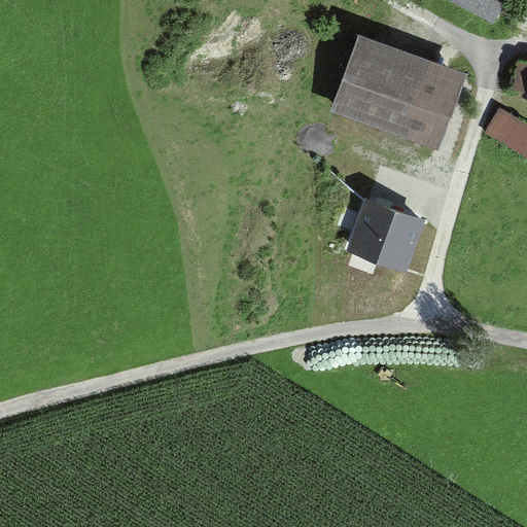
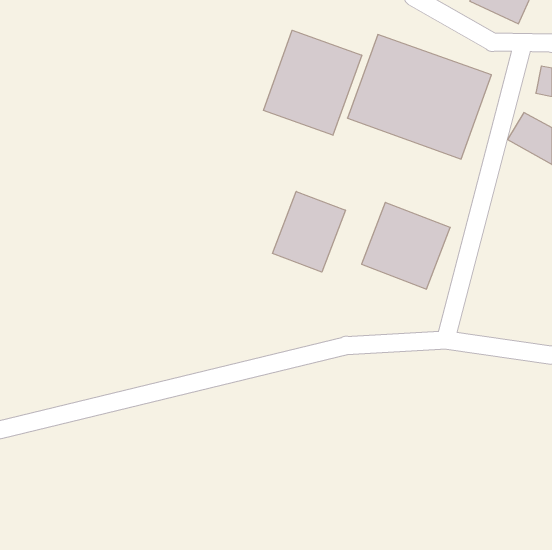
building: none -> [263,30,362,135]
building: none -> [273,191,345,272]

